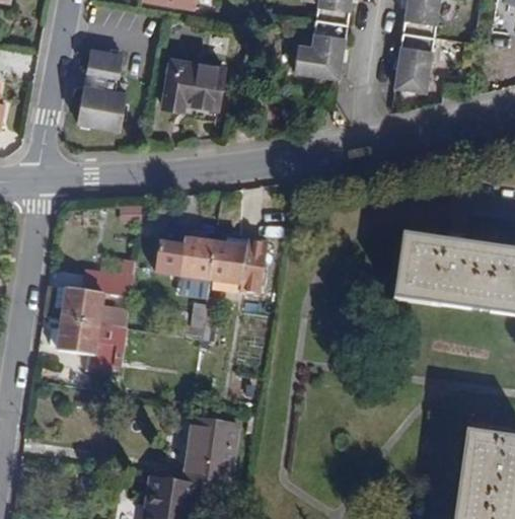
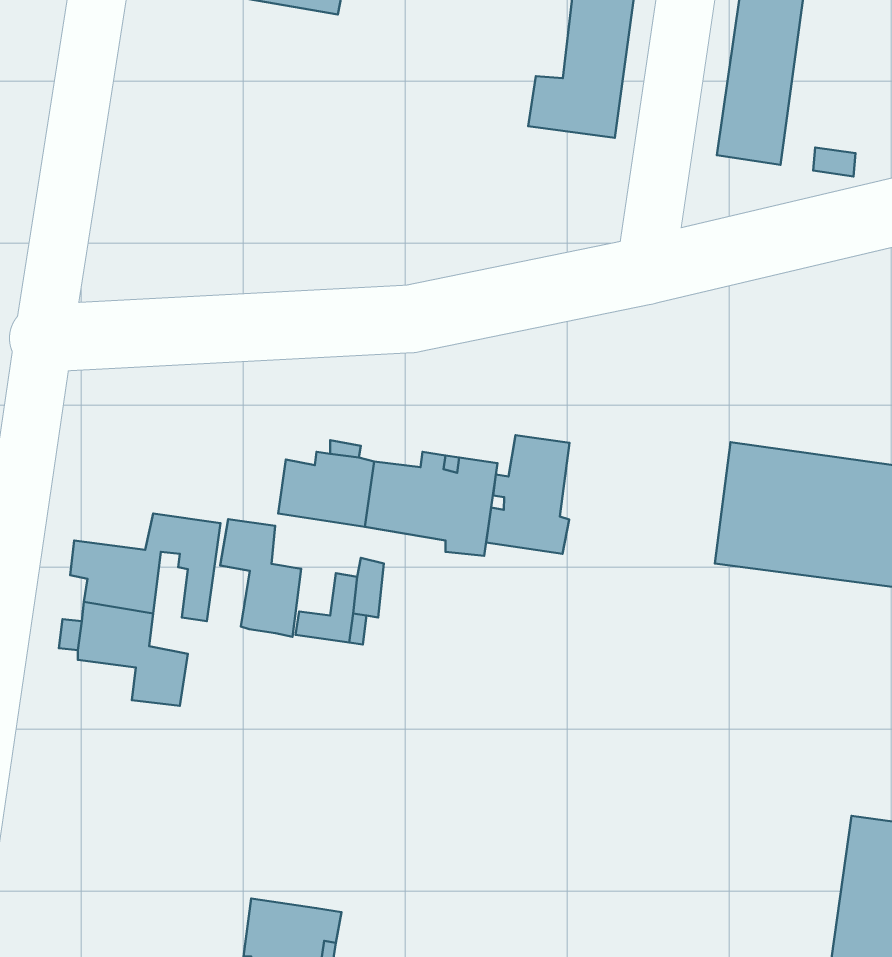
building: [80,51,129,131] -> none
building: [162,59,223,109] -> none
building: none -> [486,435,569,554]
building: none -> [220,519,301,637]
building: [183,419,237,485] -> none

